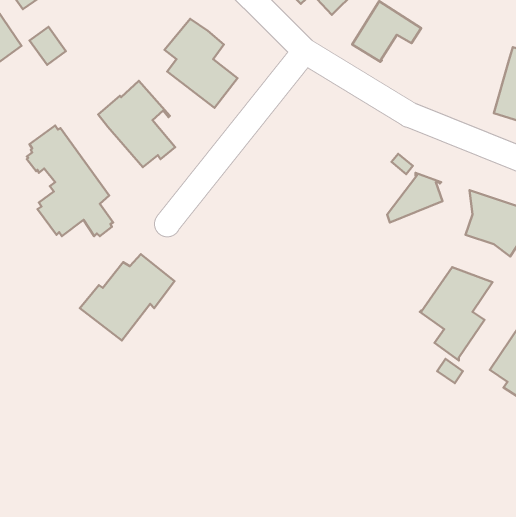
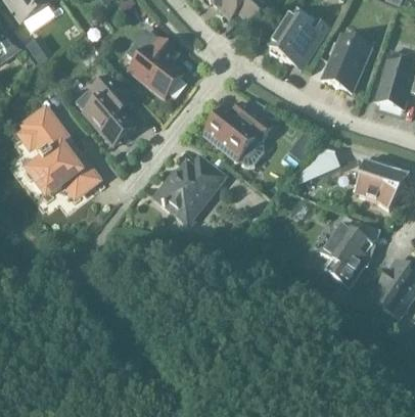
building: none -> [322,34,372,92]
building: none -> [204,103,272,165]
building: [80,254,175,340] -> [154,155,226,221]

